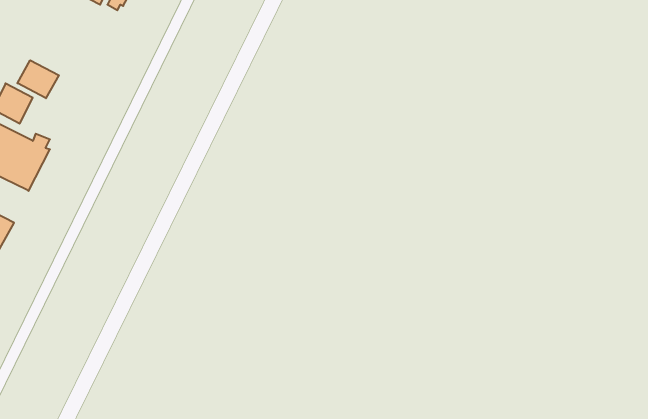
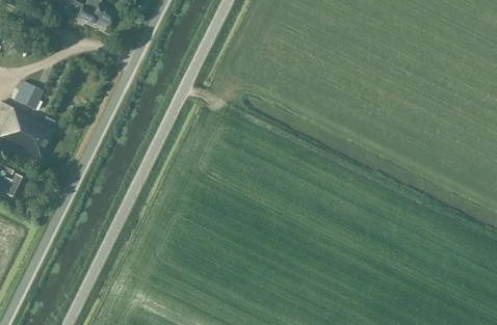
building: [17,60,59,98] -> none

